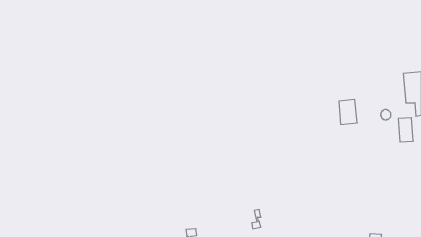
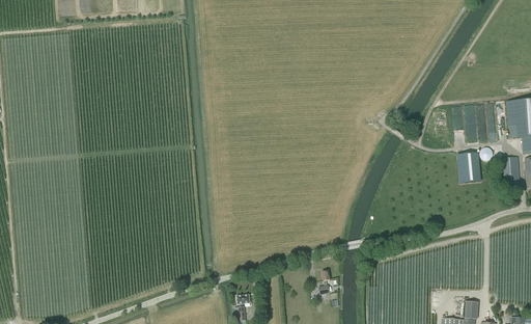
building: [339,99,357,124] -> [457,152,480,183]

